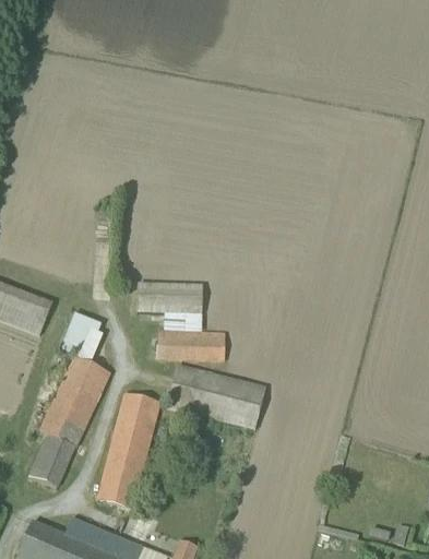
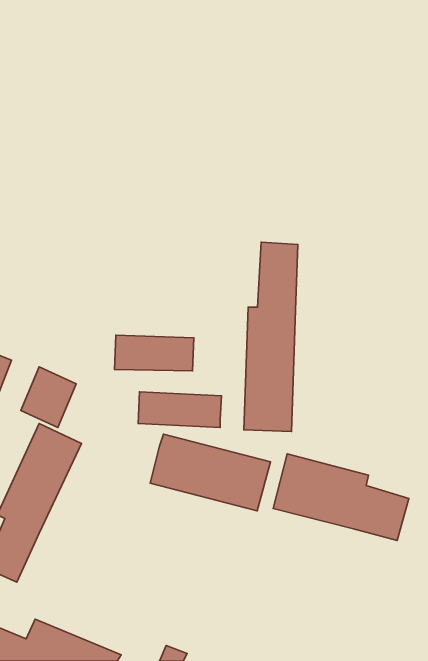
building: none -> [244,242,298,431]
building: none -> [273,454,409,541]
building: [98,392,159,509] -> none

